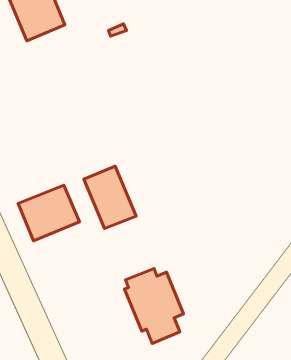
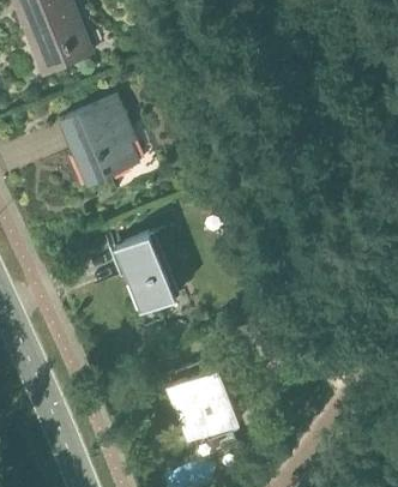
building: none -> [60,96,138,185]
building: [18,185,80,241] -> none

